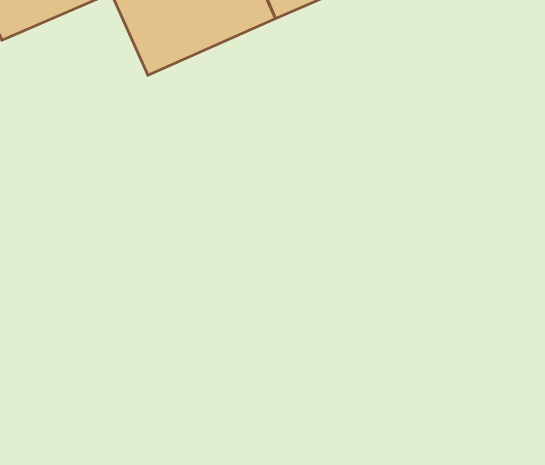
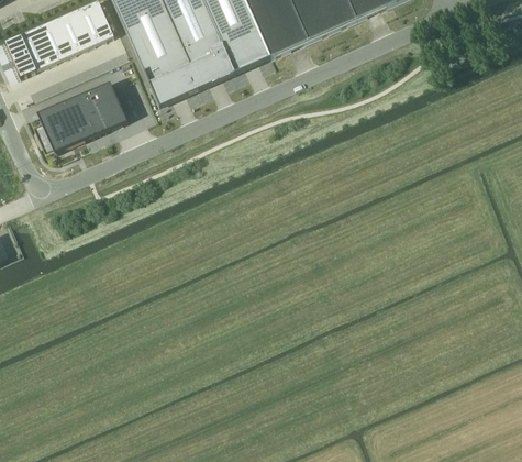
building: none -> [44,78,131,147]

